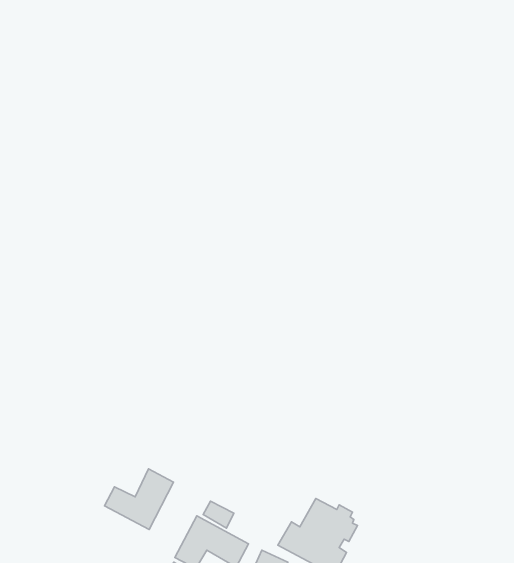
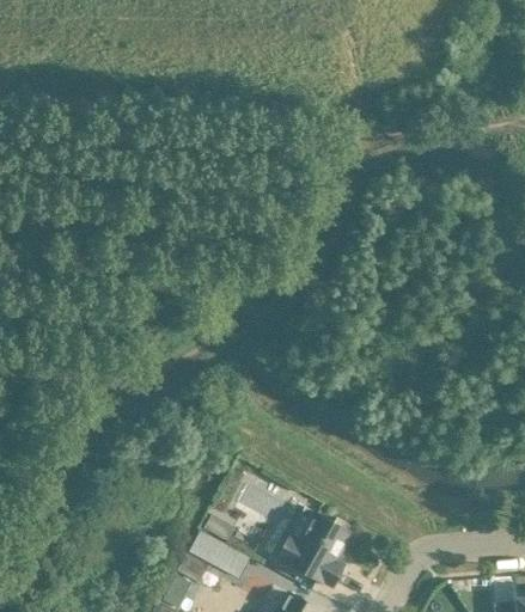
building: [104,469,174,530] -> none

